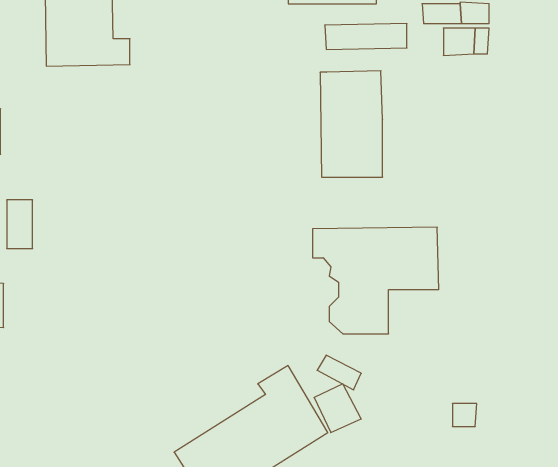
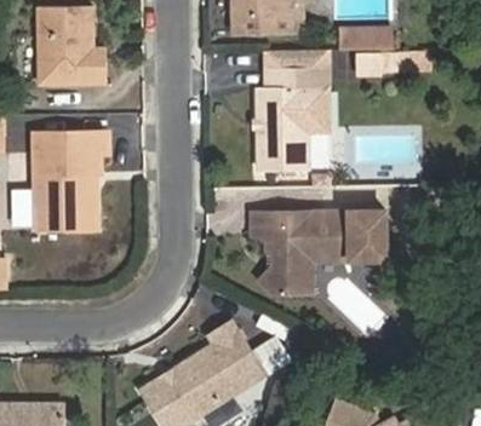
building: none -> [262,68,327,125]
building: none -> [33,132,108,229]
building: none -> [350,211,384,260]

